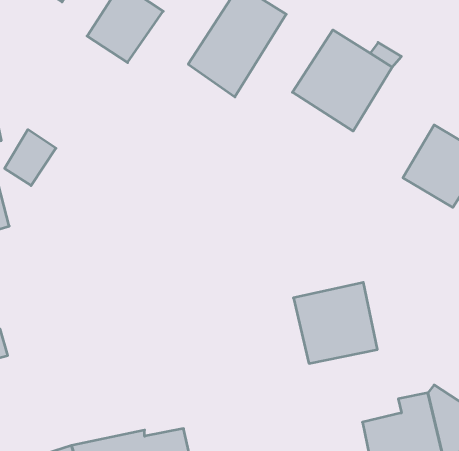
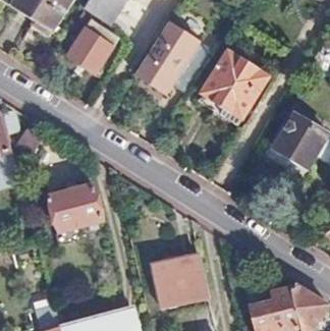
building: none -> [49,186,102,232]
building: [293,282,377,363] -> [148,250,203,302]

